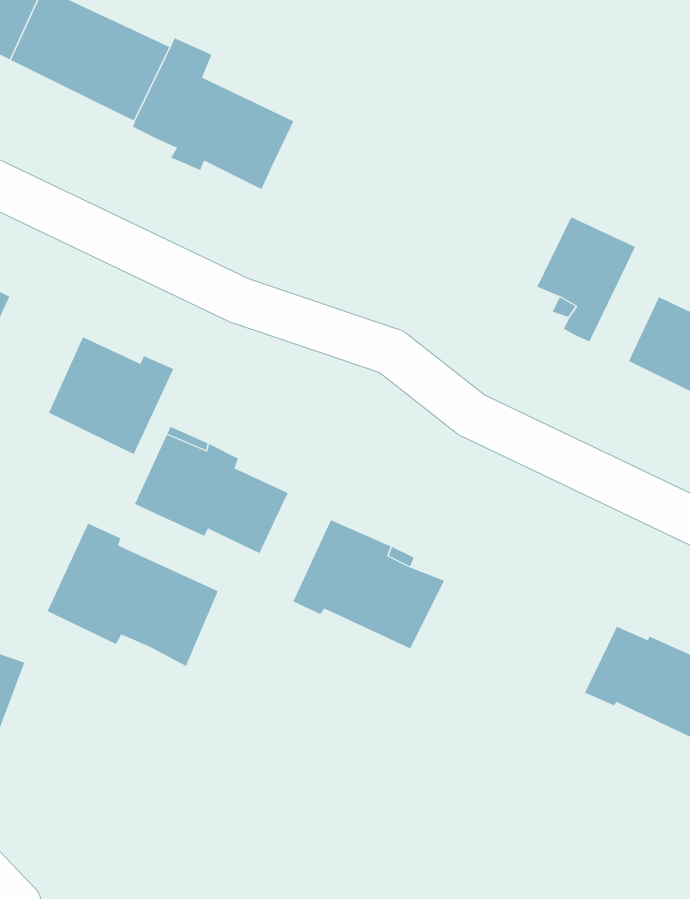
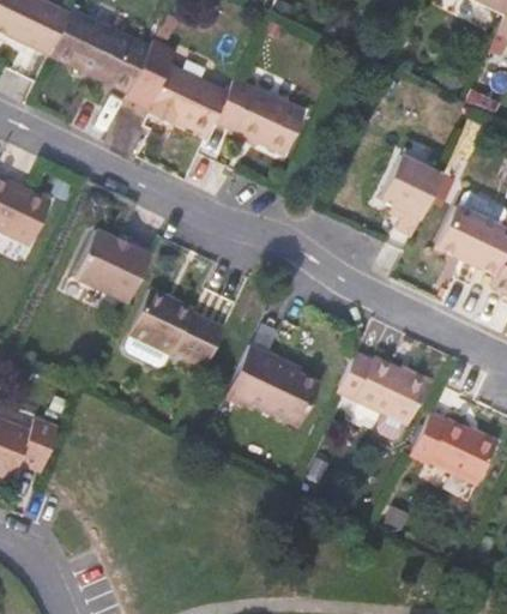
building: none -> [215,78,304,152]
building: [47,523,218,667] -> none
building: none -> [338,355,428,425]

